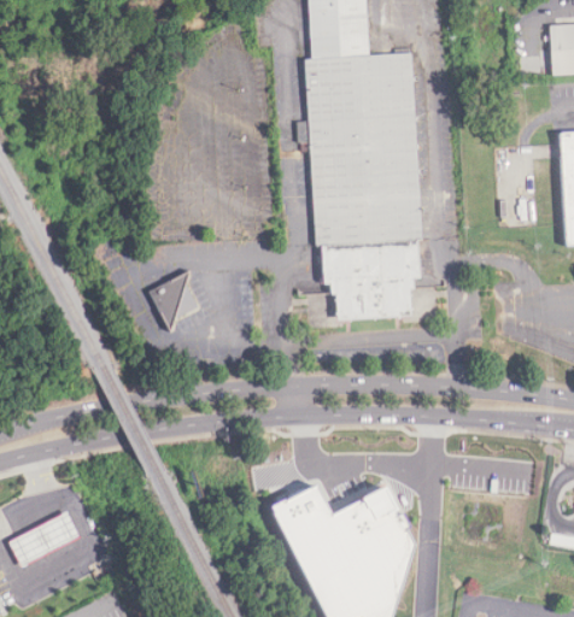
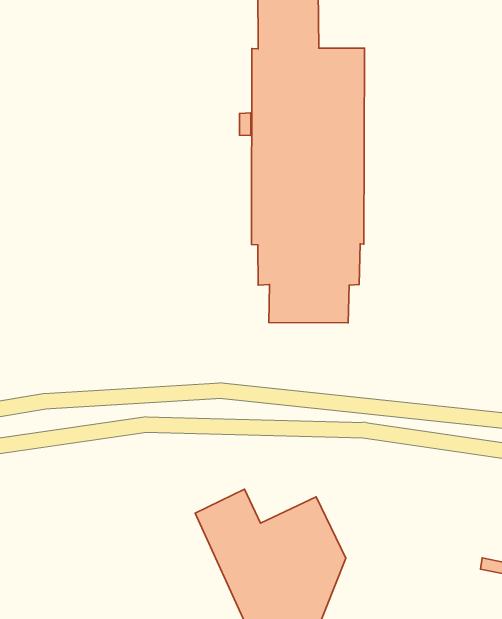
building: [150,275,197,323] -> none

